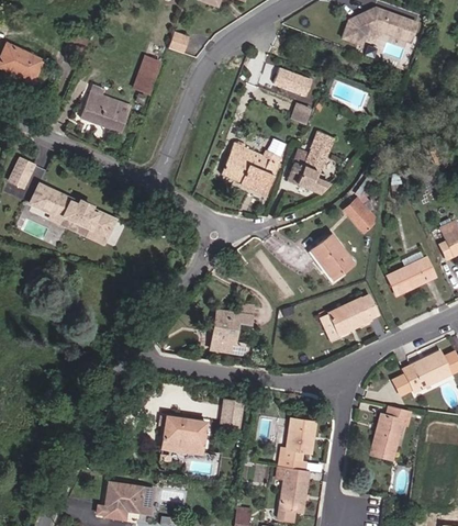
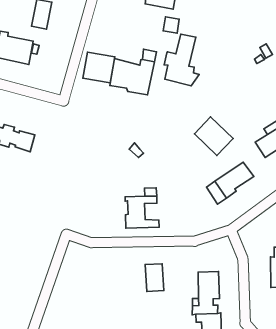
building: none -> [83,52,115,83]
building: [344,199,379,234] -> none
building: [164,417,208,455] -> none

